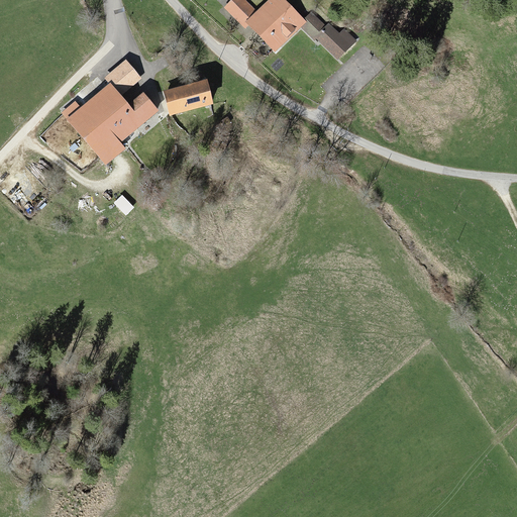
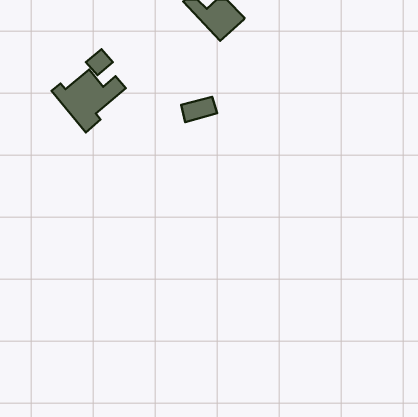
building: [301,12,354,57] -> none
building: [167,81,211,112] -> [181,97,217,122]

